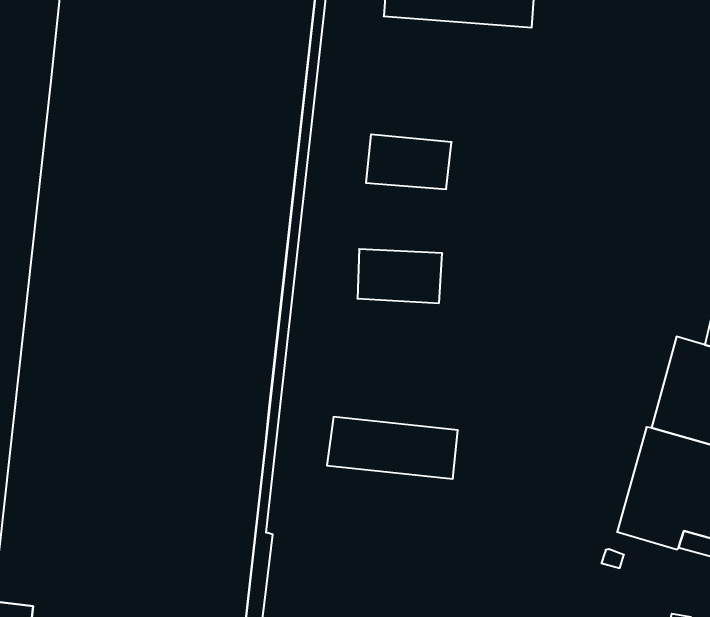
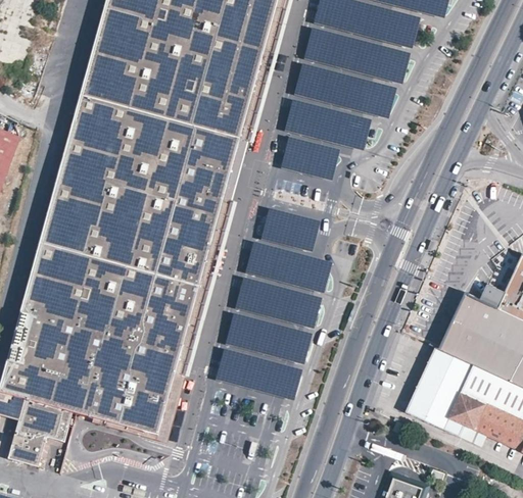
building: none -> [300,64,395,116]
building: none -> [289,99,369,146]
building: none -> [245,240,330,289]
building: none -> [236,276,323,328]
building: none -> [217,347,303,398]

